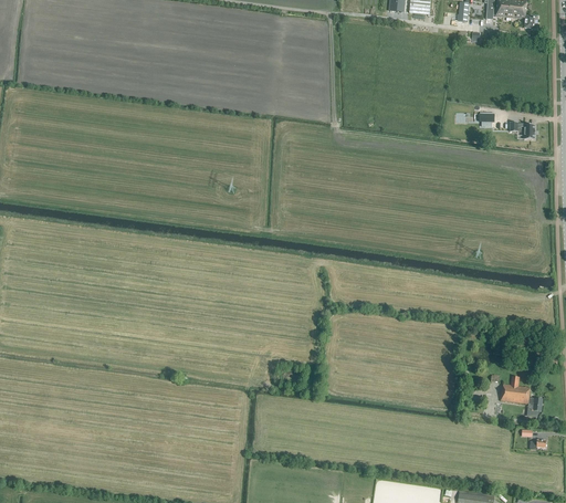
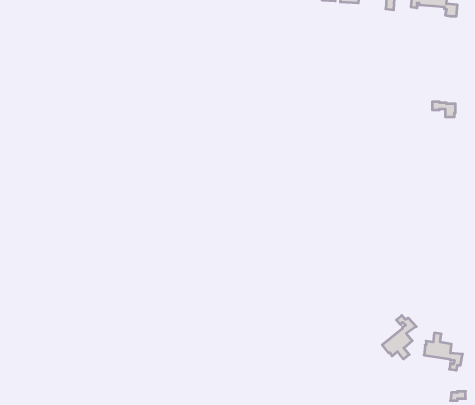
building: none -> [382,315,416,359]

